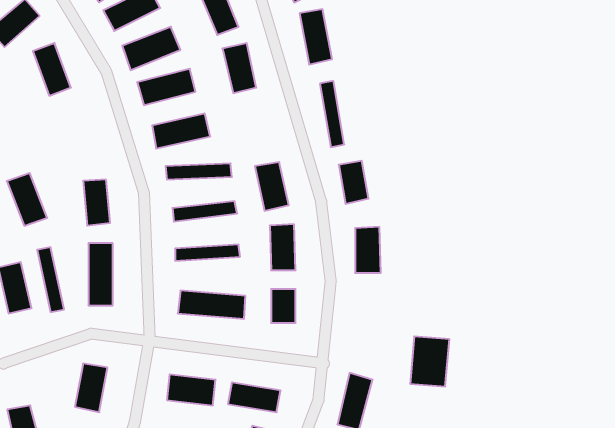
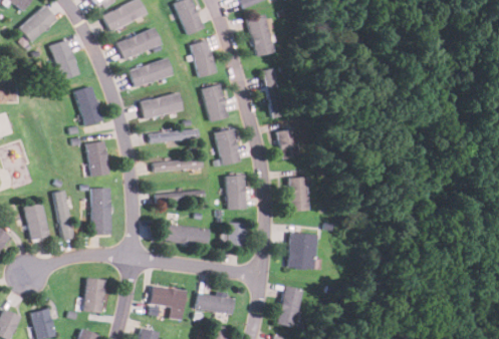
building: none -> [203,84,229,121]
building: [7,173,47,226] -> [72,83,102,122]
building: [410,336,449,386] -> [288,233,317,270]

